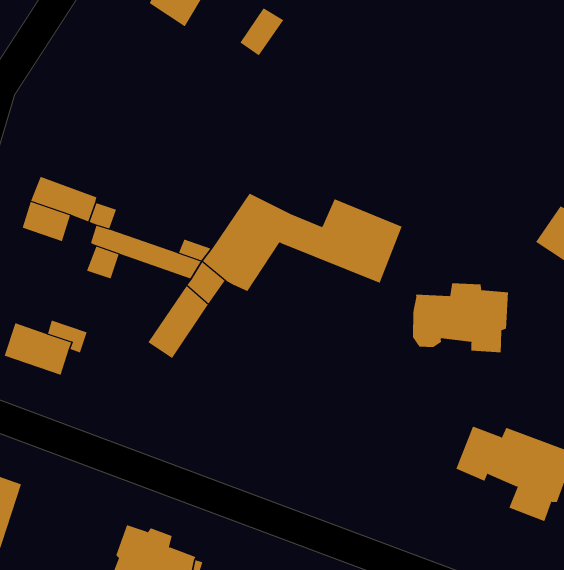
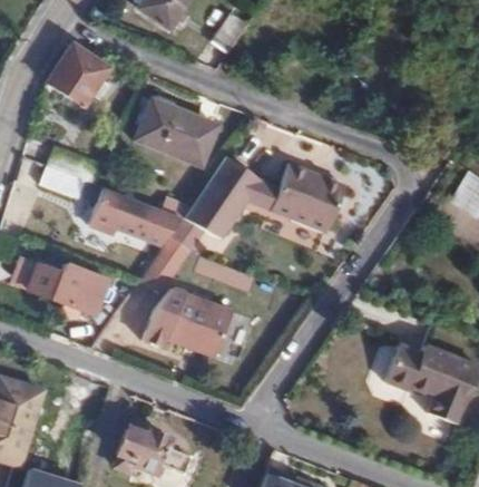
building: none -> [45,45,108,109]
building: none -> [135,99,217,167]
building: [412,283,508,353] -> none
building: none -> [144,289,232,358]

